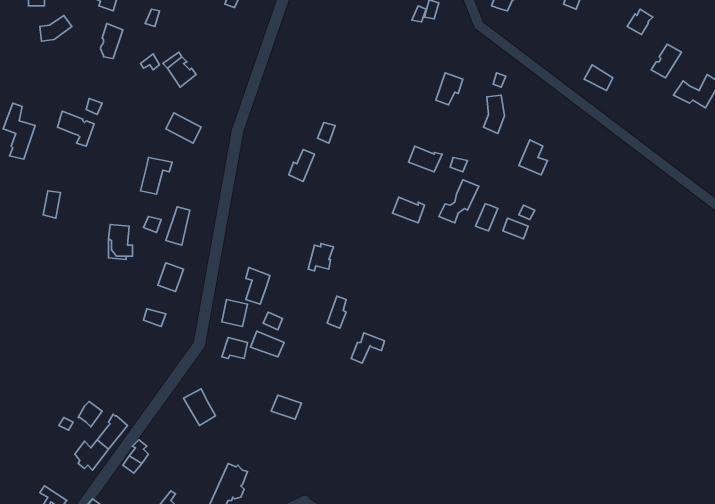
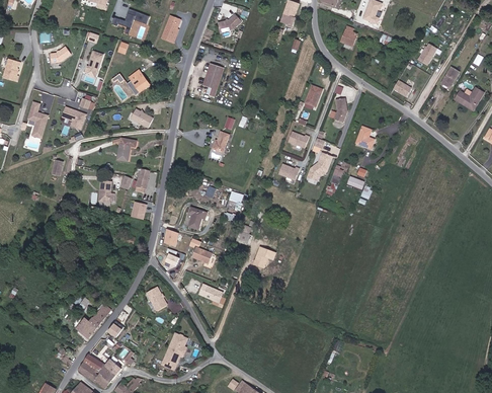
building: none -> [201,64,223,98]

